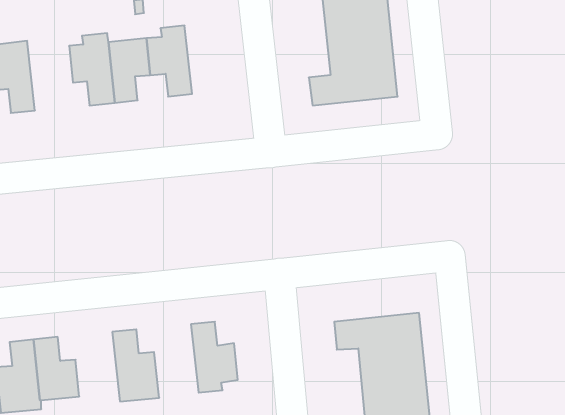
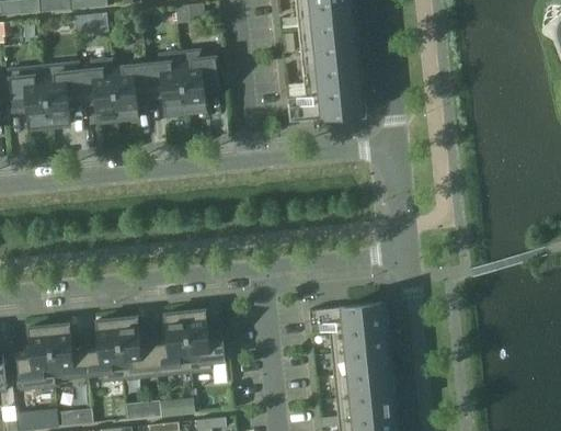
building: none -> [181,50,220,112]
building: none -> [45,63,84,126]
building: none -> [154,311,193,375]
building: none -> [87,318,125,381]

